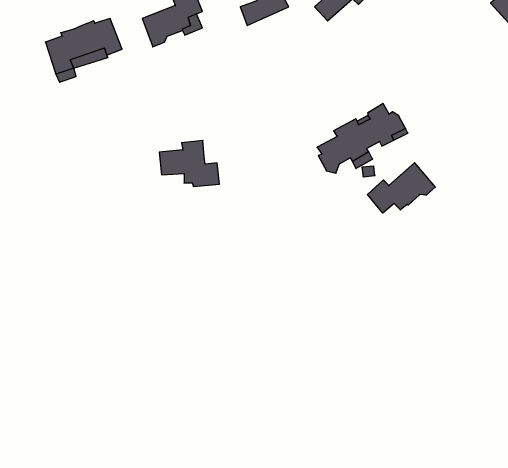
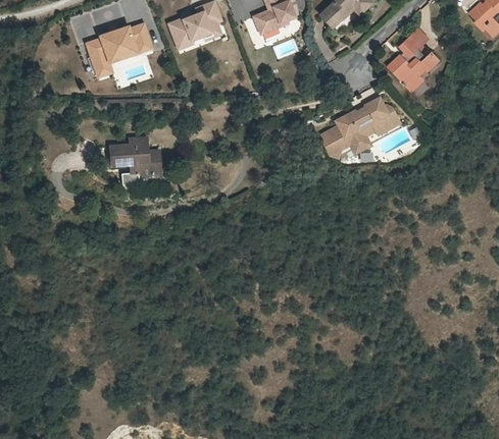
building: none -> [390,33,439,90]
building: [159,140,219,187] -> [110,138,162,177]
building: [367,163,435,213] -> none

